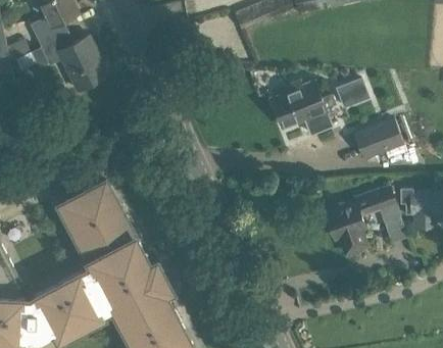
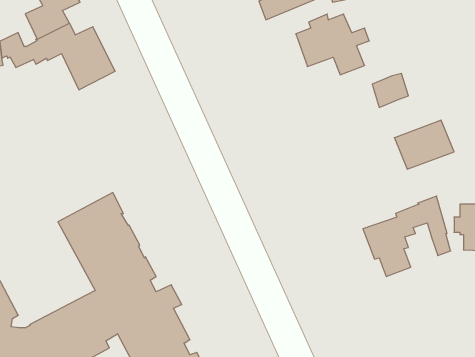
building: [272,83,336,136] -> [296,14,369,75]

